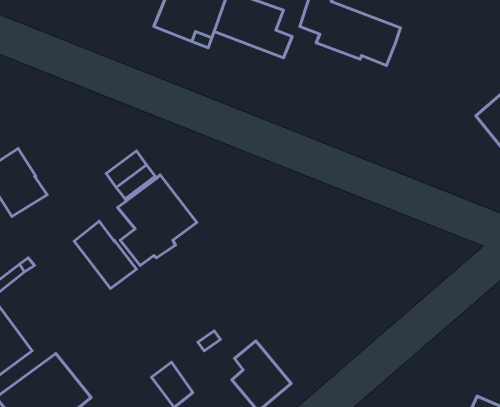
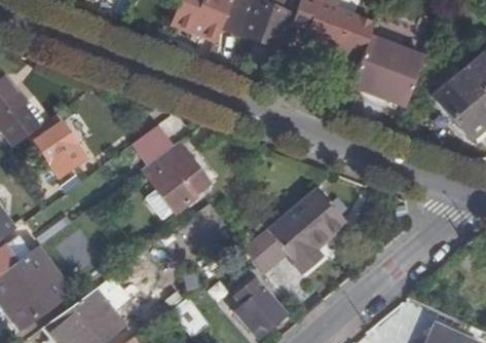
building: none -> [351,36,424,106]
building: [74,221,136,289] -> none
building: none -> [242,191,340,272]

